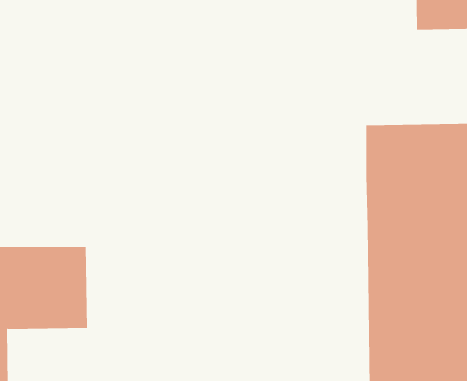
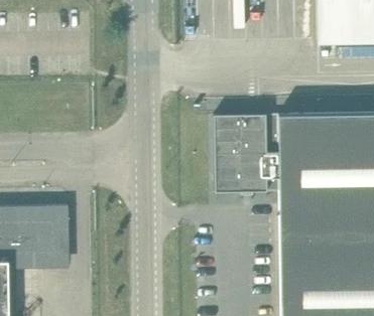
building: none -> [215,116,279,192]

